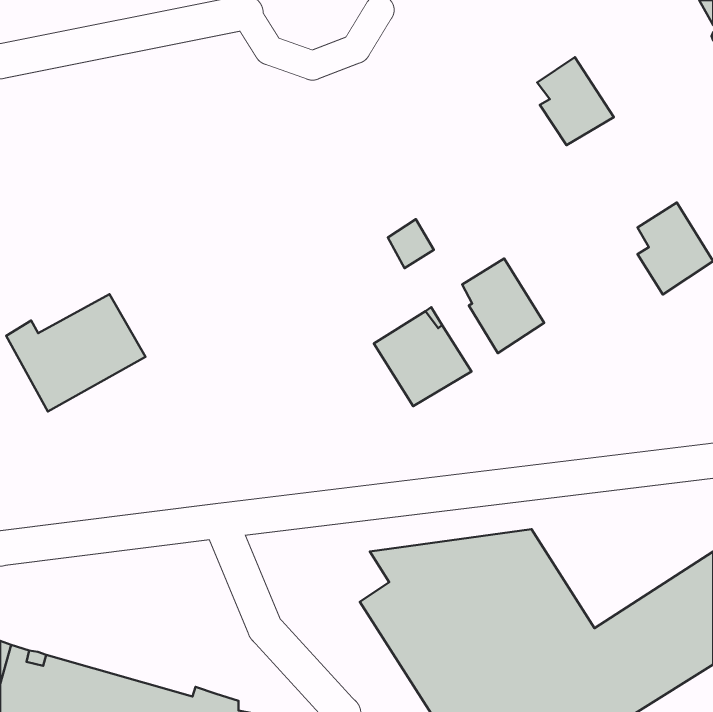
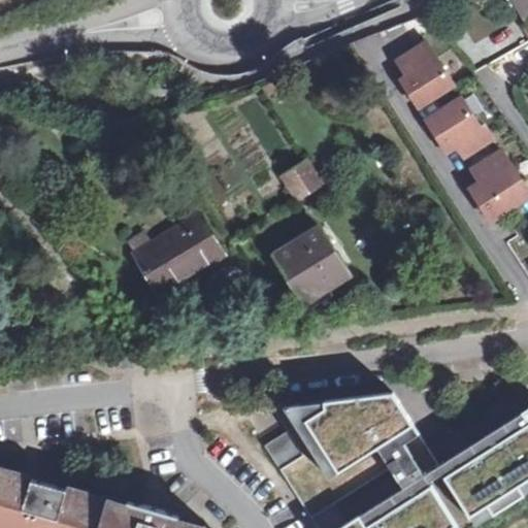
building: none -> [426,98,493,158]
building: [462,259,544,353] -> none
building: [6,294,146,411] -> [127,210,230,297]

